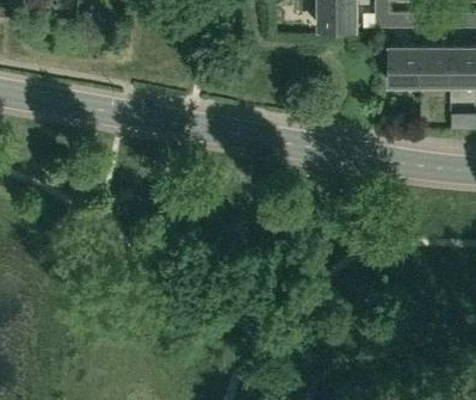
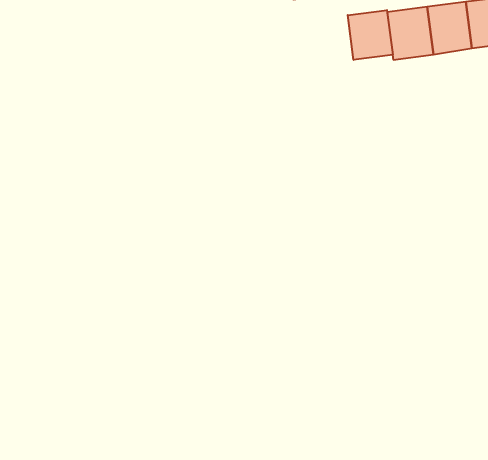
building: none -> [348,10,393,60]

